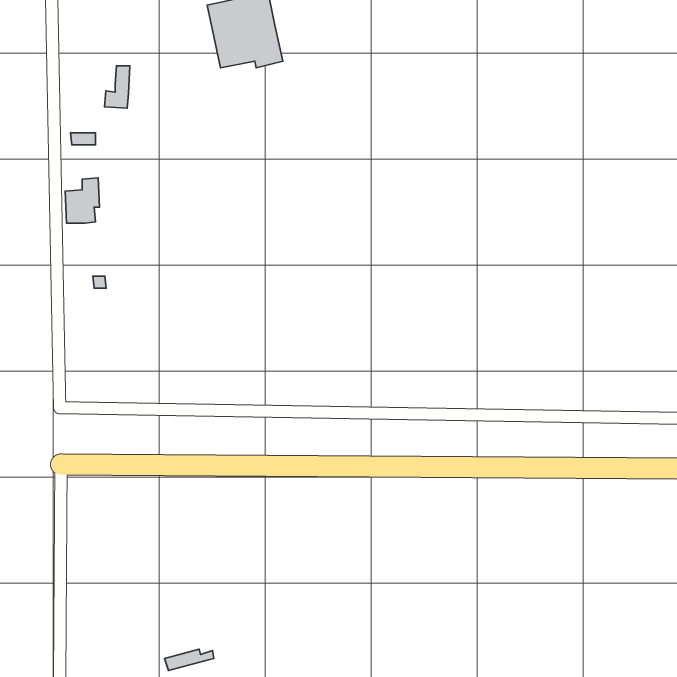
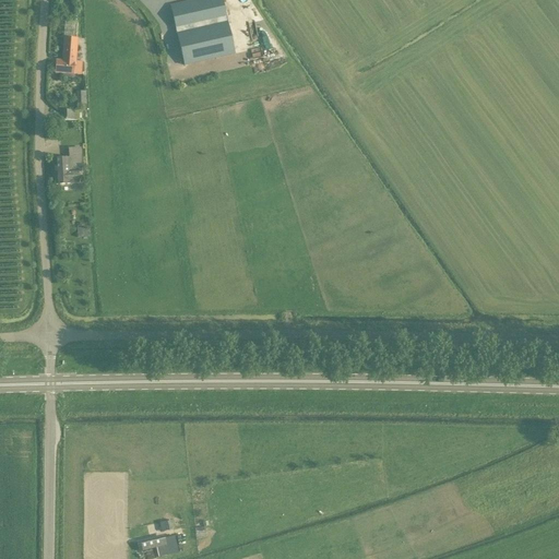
building: [105,66,130,108] -> [56,38,76,73]

